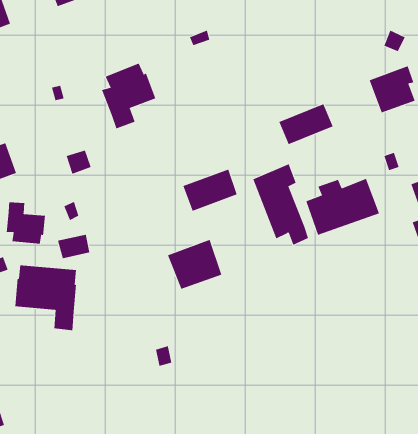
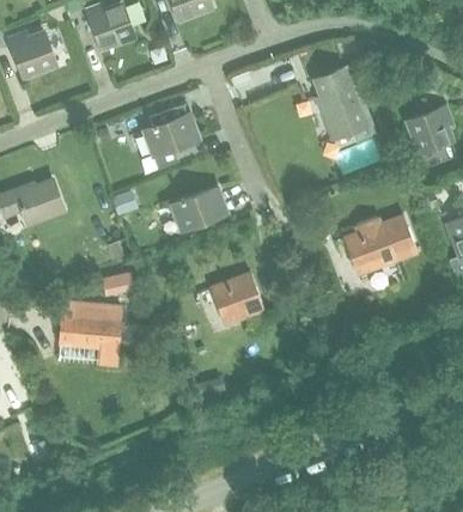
building: [253,163,309,245] -> [315,63,370,144]
building: [183,169,238,212] -> [172,187,226,228]
building: [6,201,45,244] -> none

